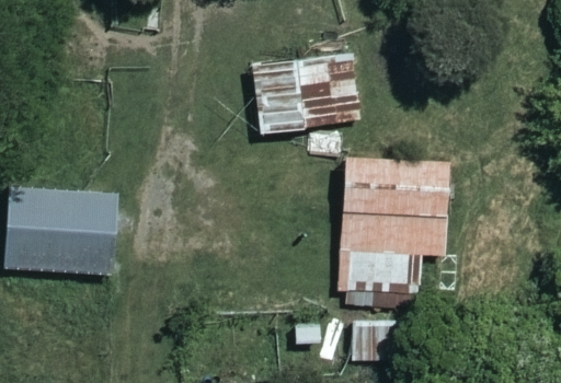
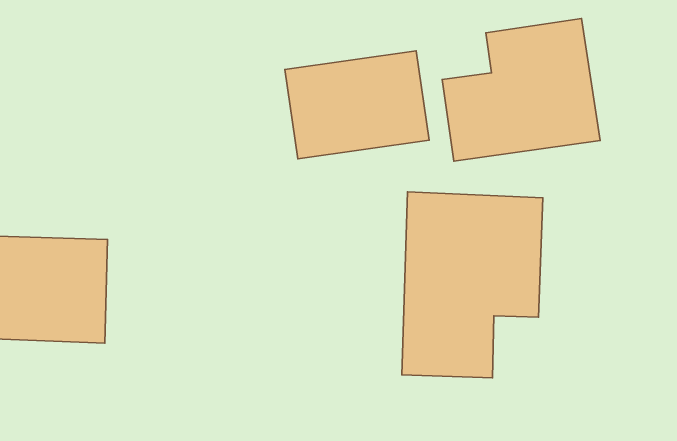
building: none -> [442,19,600,161]

